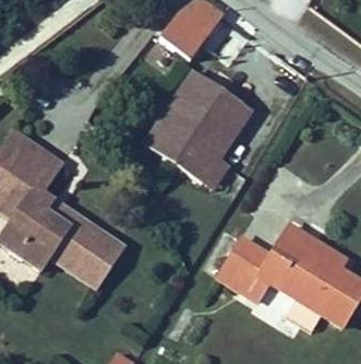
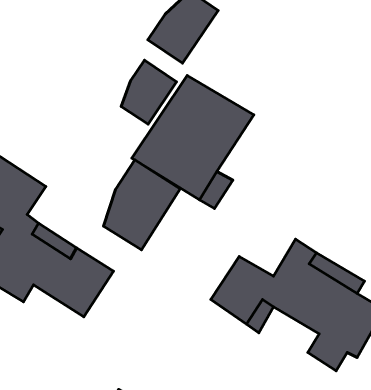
building: none -> [121,60,177,124]
building: none -> [103,160,180,250]

